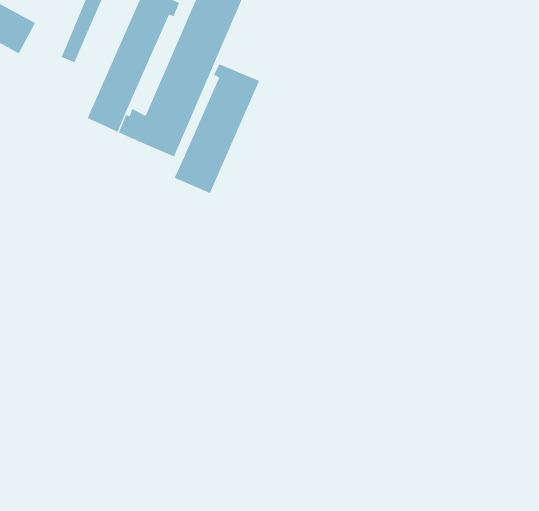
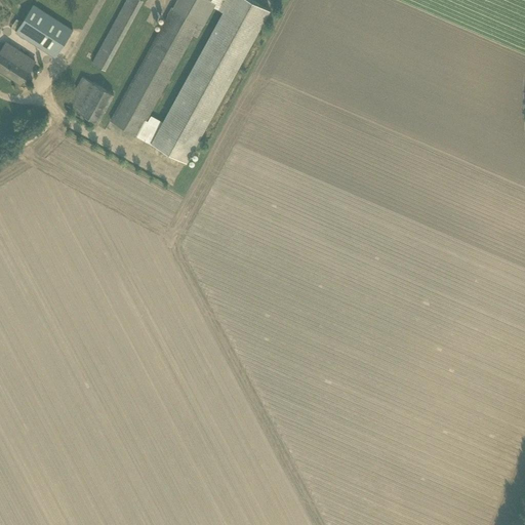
building: [174,63,260,194] -> none
building: none -> [66,76,113,121]

